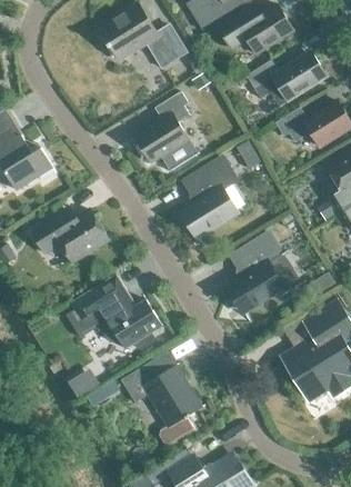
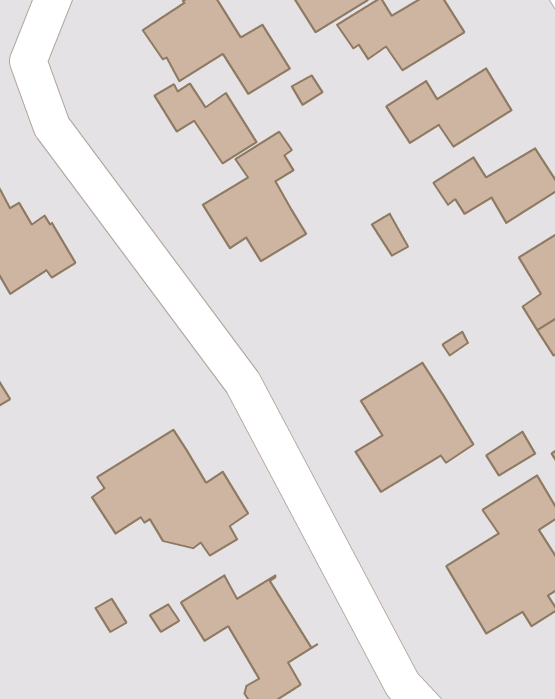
building: none -> [155,84,257,163]
building: [182,158,238,238] -> none
building: [31,206,109,261] -> none

